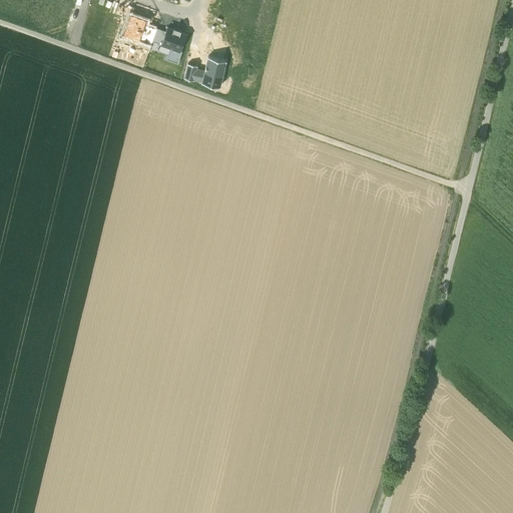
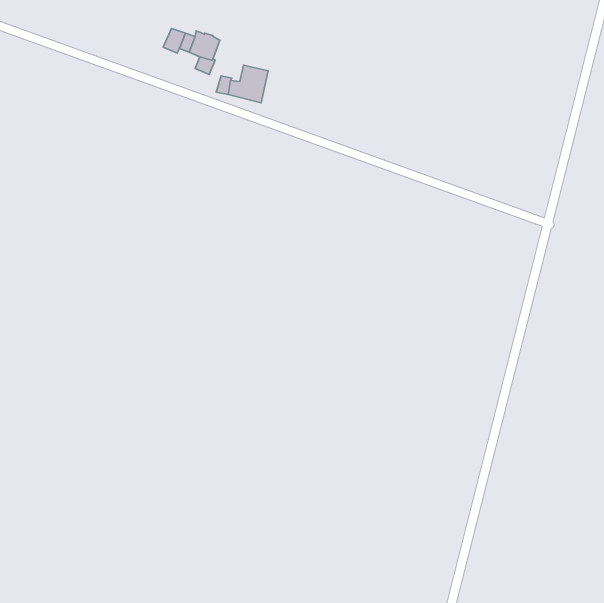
building: [122,14,146,41] -> none

